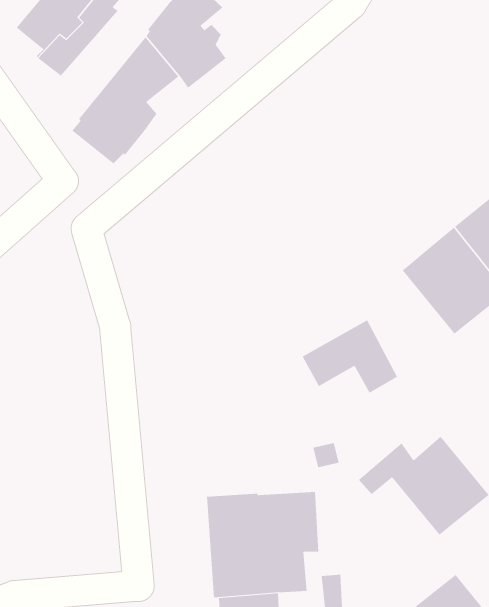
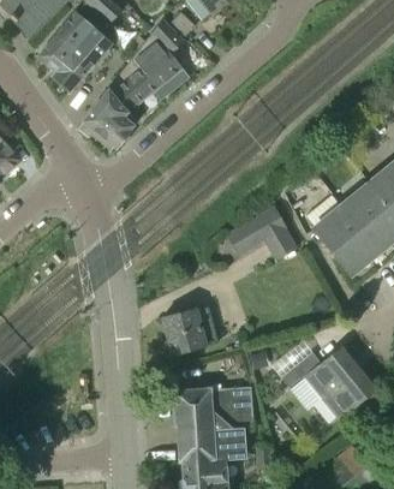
building: [302,319,398,394] -> [228,203,297,256]
building: none -> [162,305,216,354]

